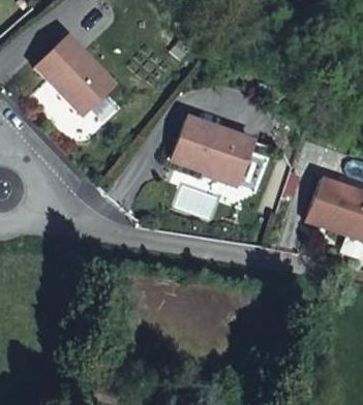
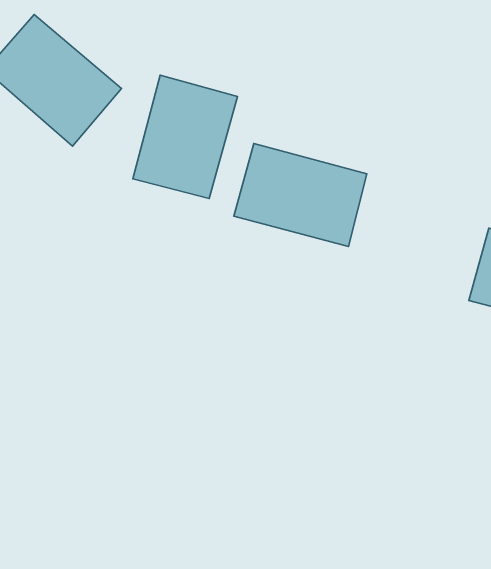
building: none -> [133,75,237,199]

